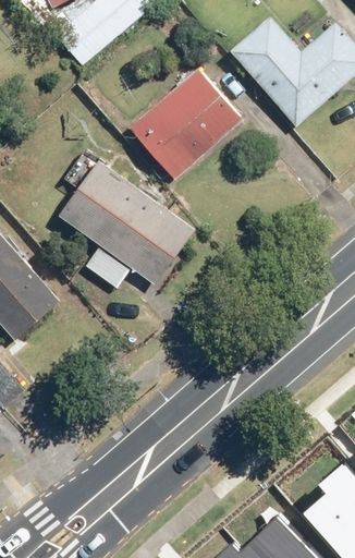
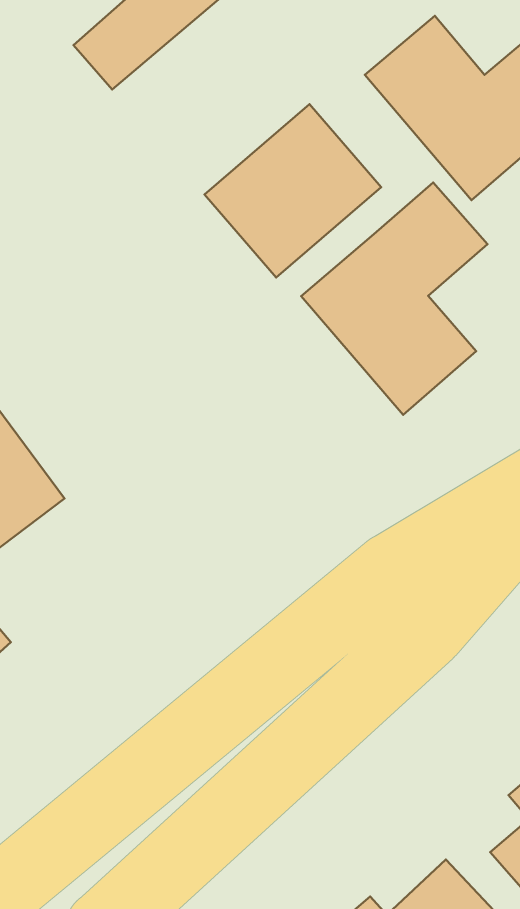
building: none -> [301,182,488,415]
building: [58,163,192,287] -> none

